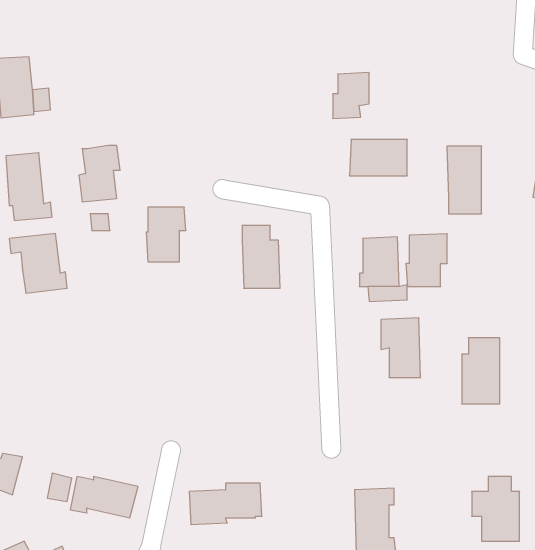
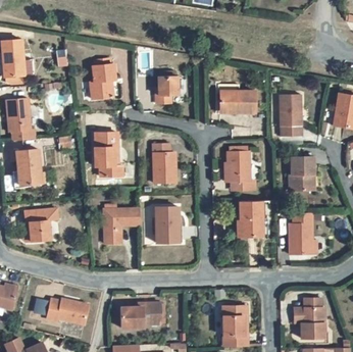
building: [333,72,369,119] -> [155,74,178,103]
building: [79,145,120,202] -> [90,63,115,98]
building: [406,234,447,287] -> [289,156,314,189]
building: none -> [155,206,179,242]
building: none -> [104,207,140,242]
building: none -> [22,208,57,241]

